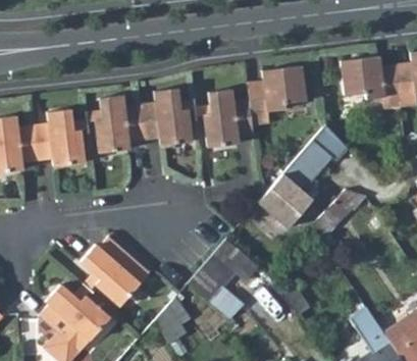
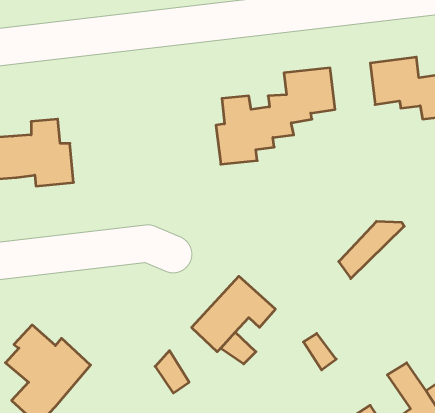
building: [99,88,196,152] -> none
building: [260,133,345,224] -> none
building: [74,233,144,303] -> none

